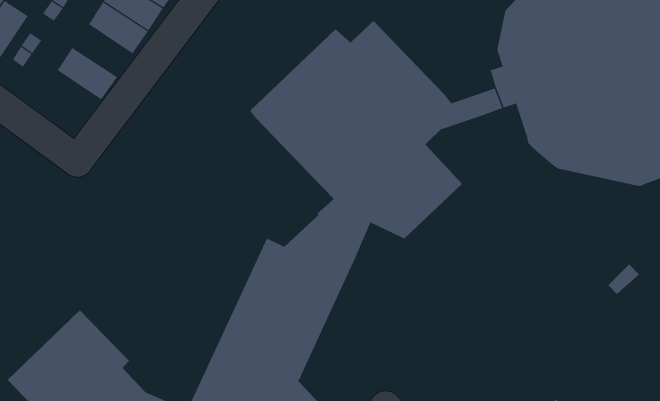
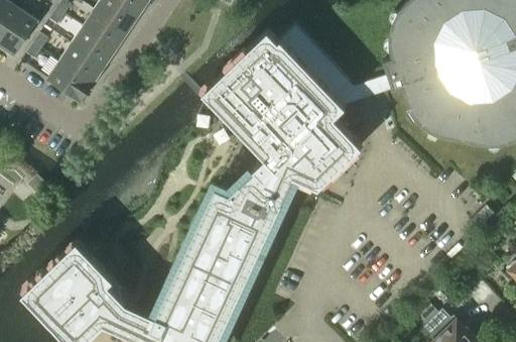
building: none -> [69,29,114,69]
building: none -> [45,64,91,104]

